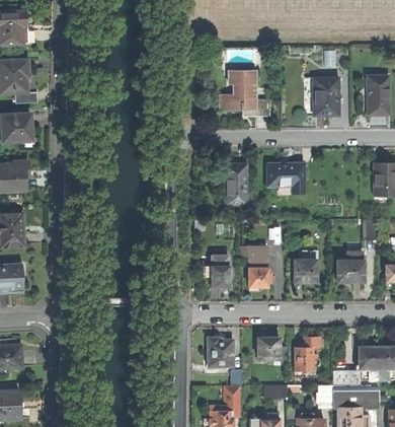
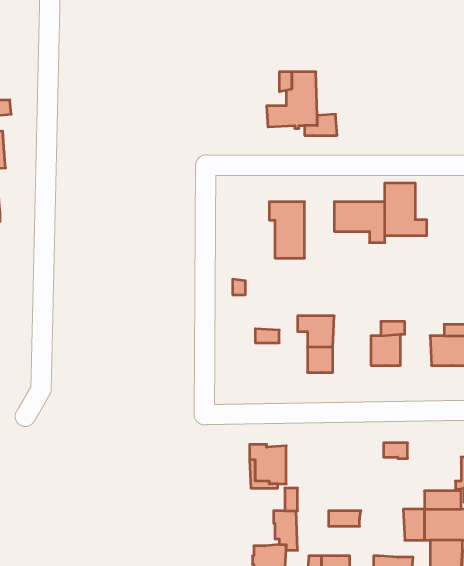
building: [313,78,339,115] -> none
building: none -> [385,183,427,236]
building: [212,265,229,289] -> none
building: [258,337,281,359] -> none
building: [295,347,314,370] -> none

